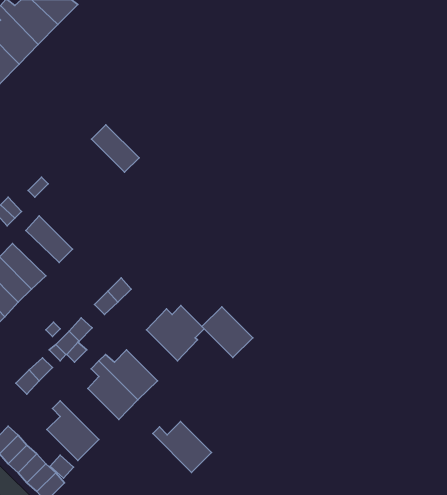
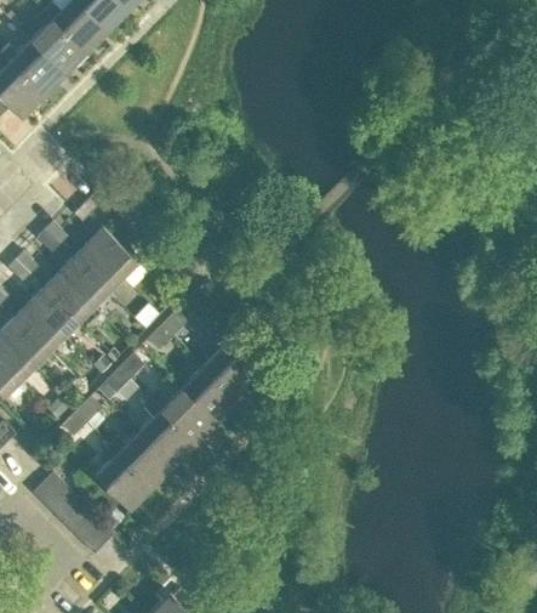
building: [91,125,139,172] -> [86,226,138,278]
building: none -> [57,257,108,307]
building: [202,307,253,358] -> [182,367,238,422]
building: [153,421,211,472] -> [109,431,173,487]

